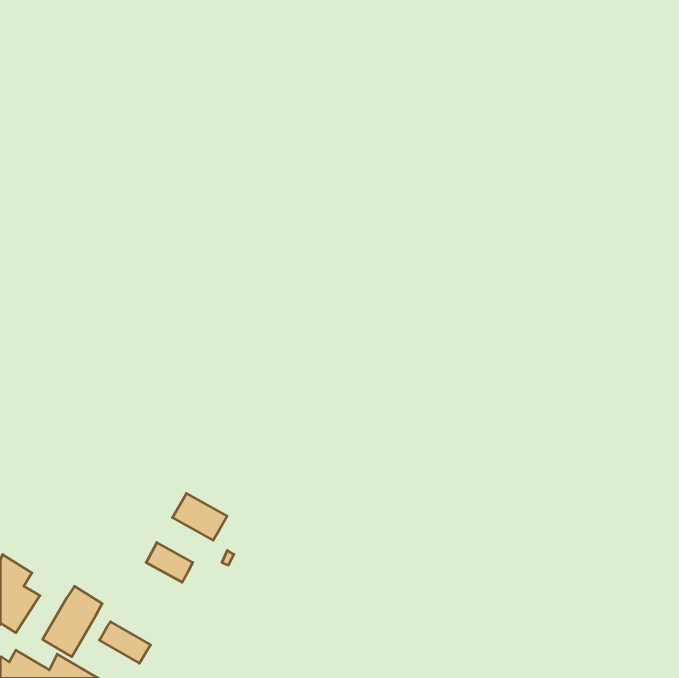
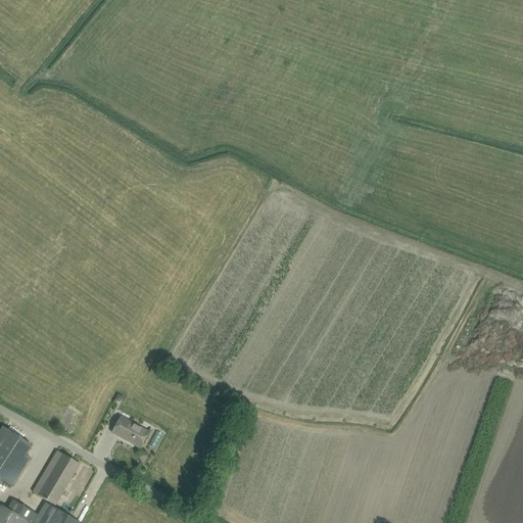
building: [172,493,227,540] -> none
building: [99,622,151,663] -> none

